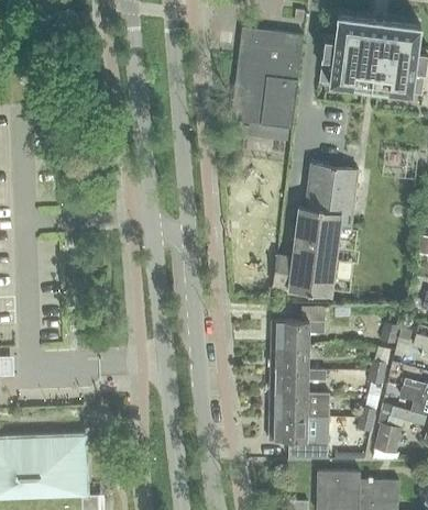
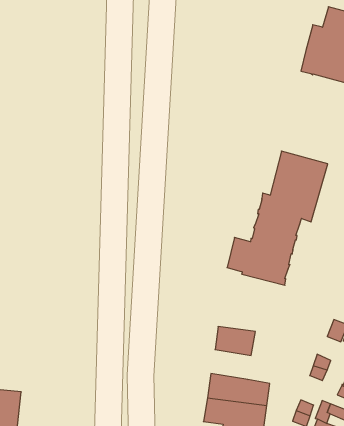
building: [230,31,303,130] -> none
building: [271,308,325,346] -> none
building: [270,369,326,395] -> none

